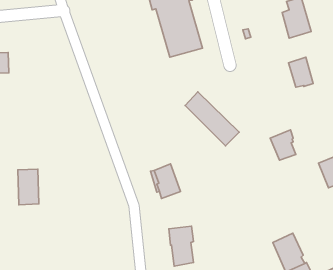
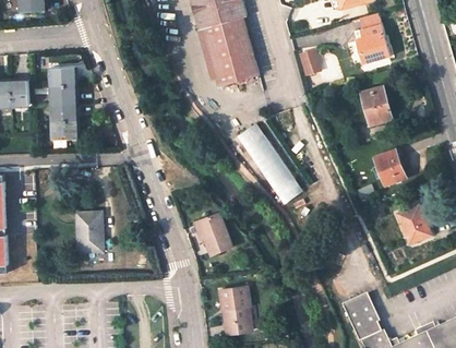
building: none -> [49,67,76,139]
building: [270,130,296,160] -> [374,147,405,183]
building: [18,169,39,205] -> [75,212,100,254]

